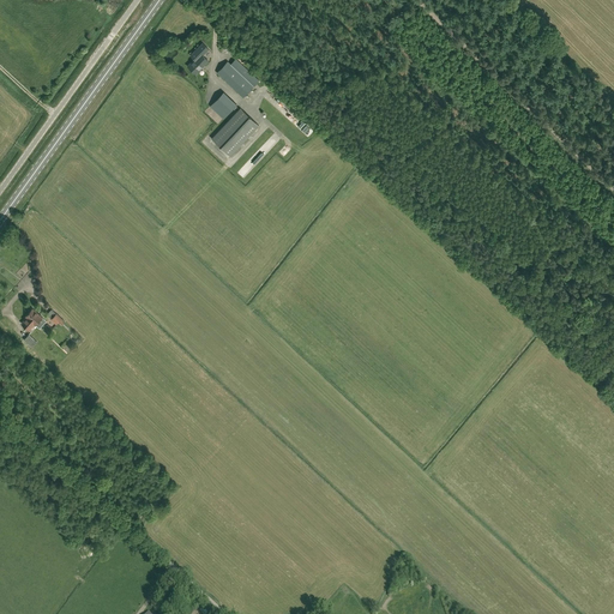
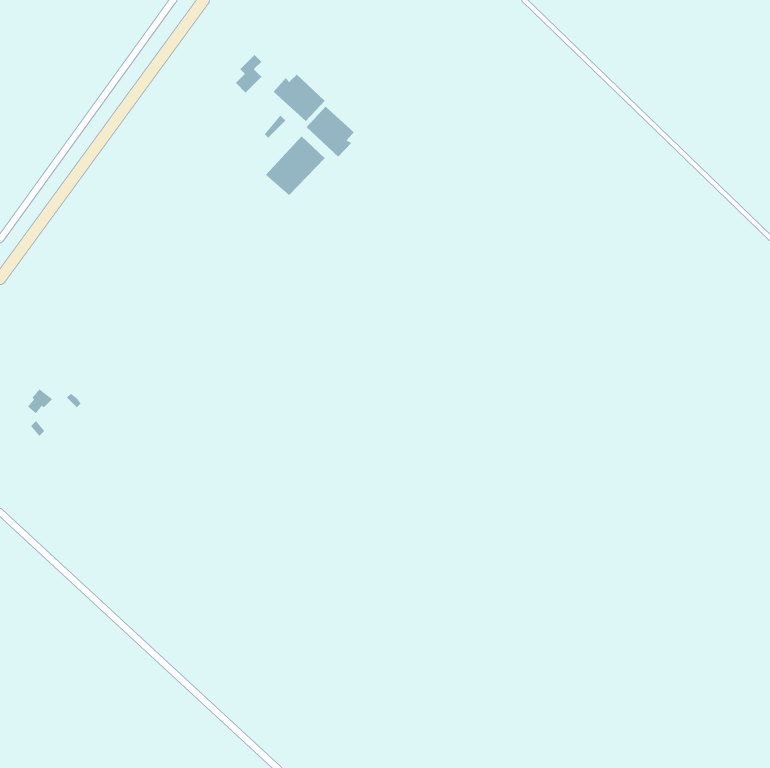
building: none -> [306,106,354,158]

